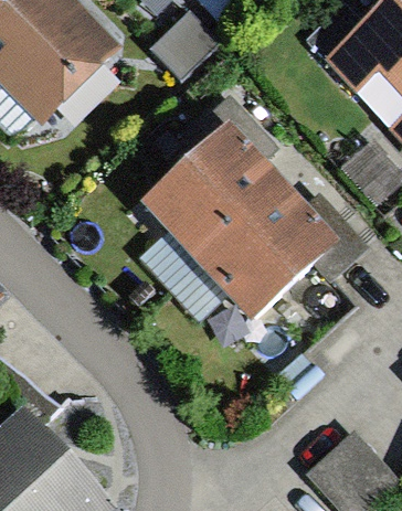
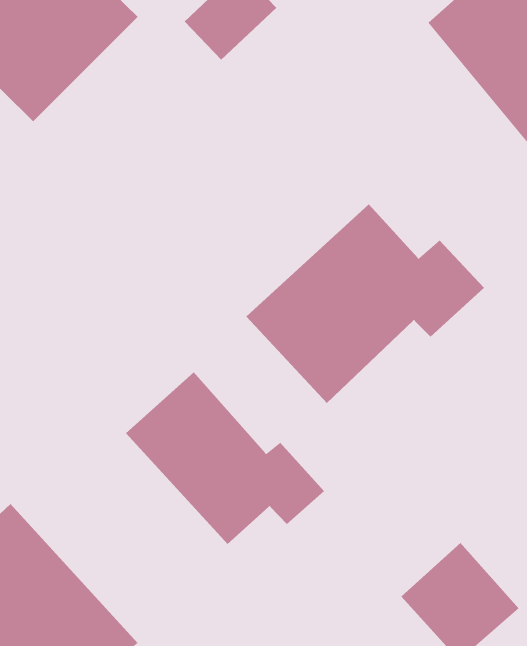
building: [139,121,285,265] -> none
building: none -> [125,372,325,545]

